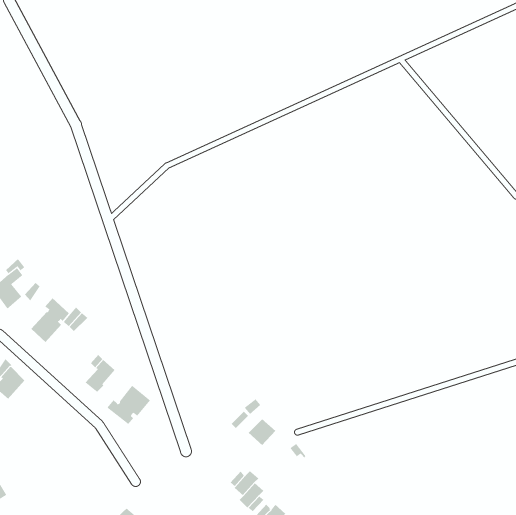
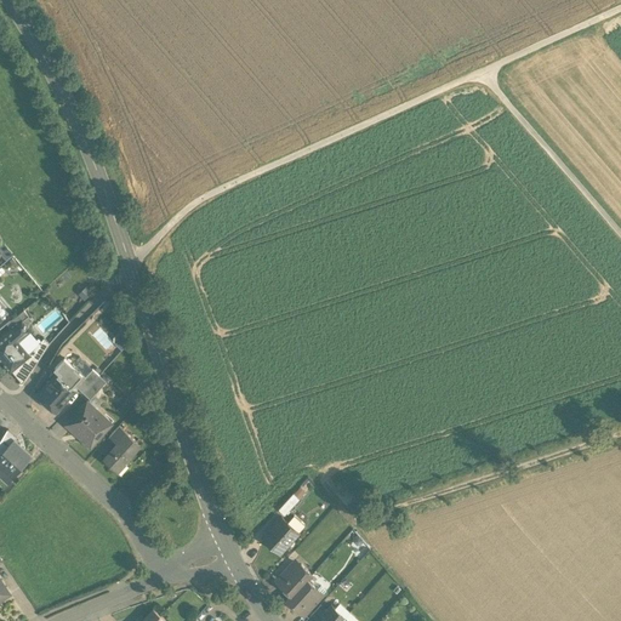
building: none -> [64,403,110,449]
building: [107,385,151,425] -> none
building: [248,419,276,446] -> [263,519,297,552]

